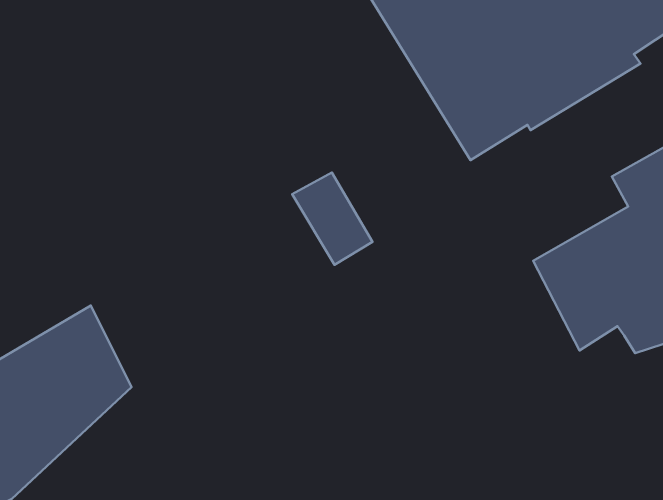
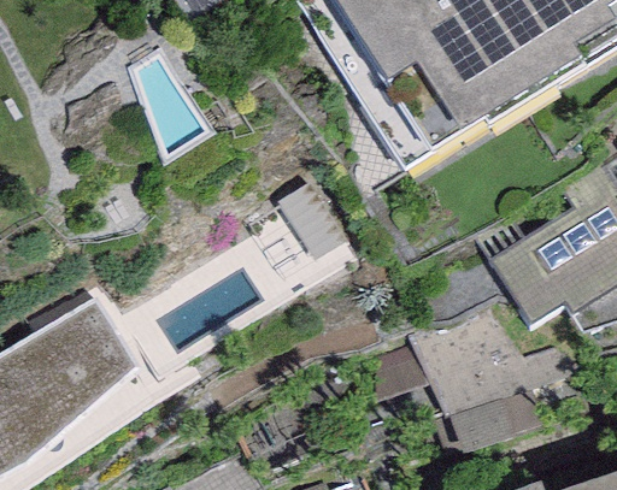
building: none -> [406,293,581,457]

